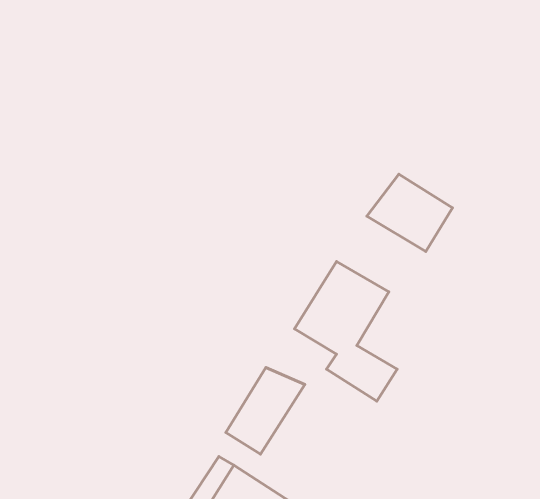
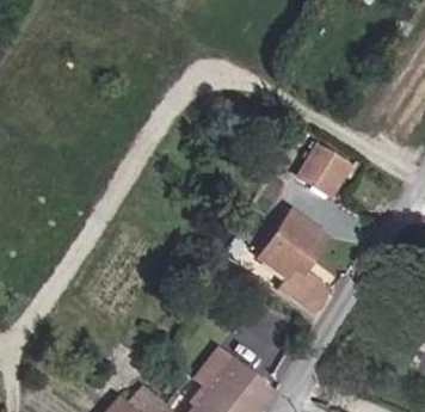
building: [226,367,305,454] -> none

